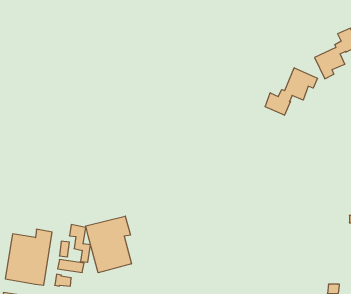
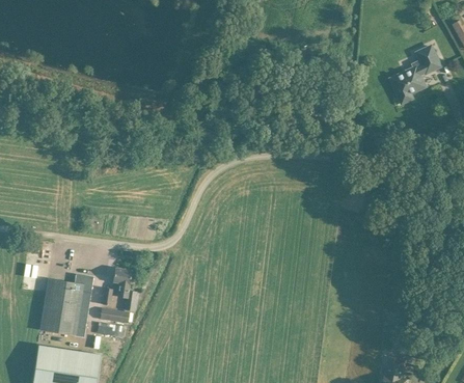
building: [265,68,318,115] -> none
building: [86,216,131,273] -> none

